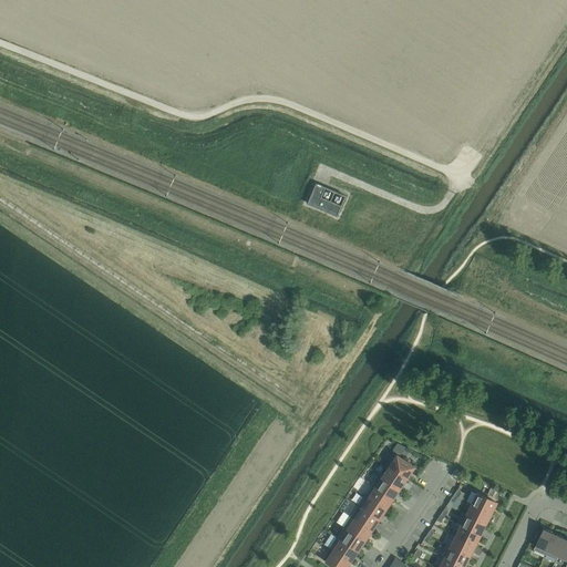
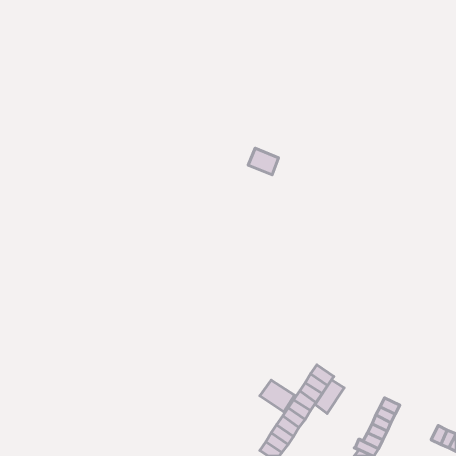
building: none -> [315,380,344,413]
building: none -> [260,380,295,412]

